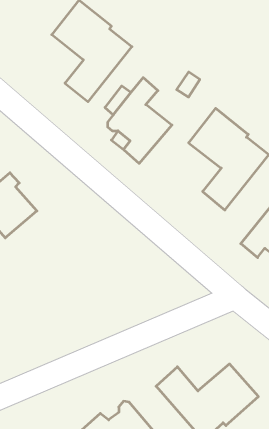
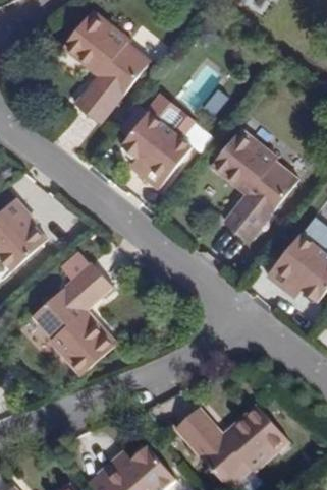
building: none -> [34,262,117,375]

